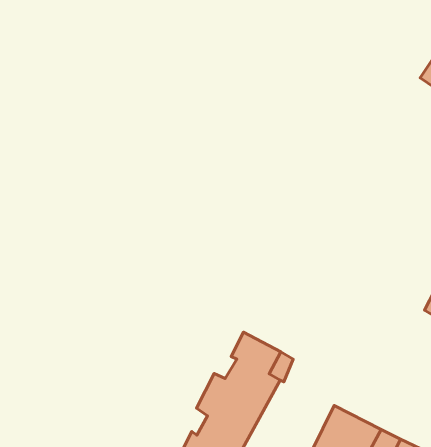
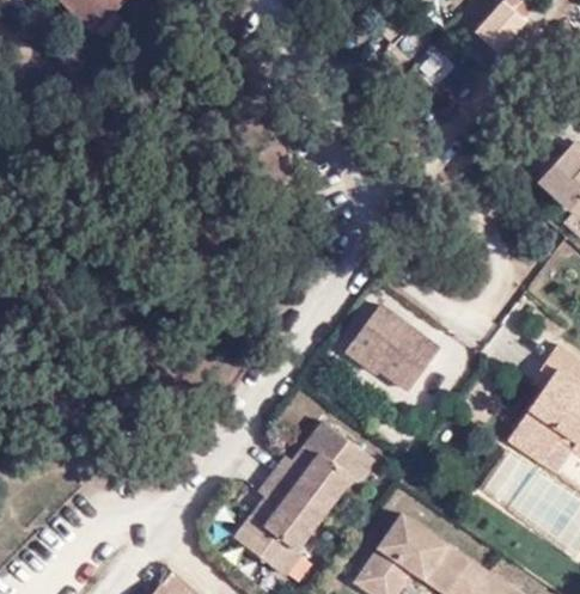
building: none -> [340,307,435,393]

